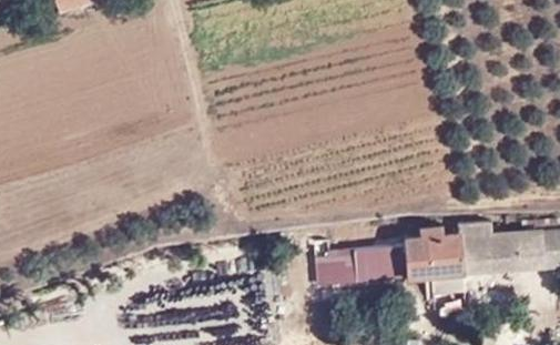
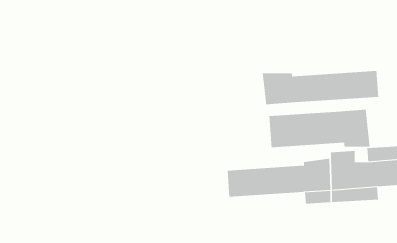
building: none -> [262,70,379,105]
building: none -> [269,109,370,148]

